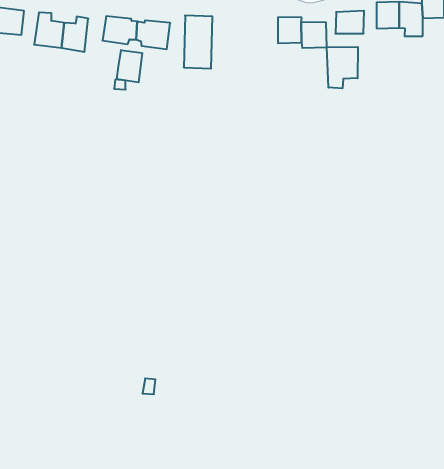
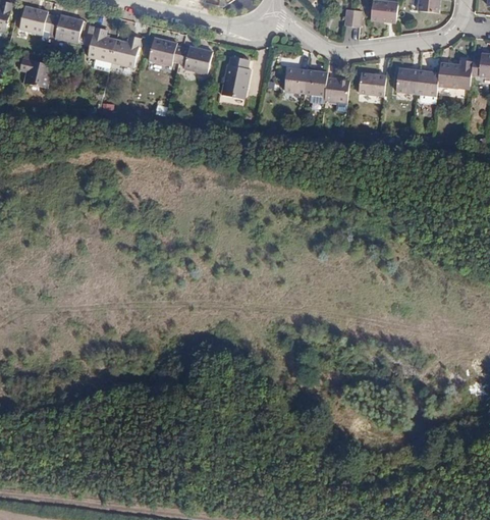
building: none -> [284,63,309,89]
building: [327,47,358,88] -> none
building: [117,50,142,82] -> none

